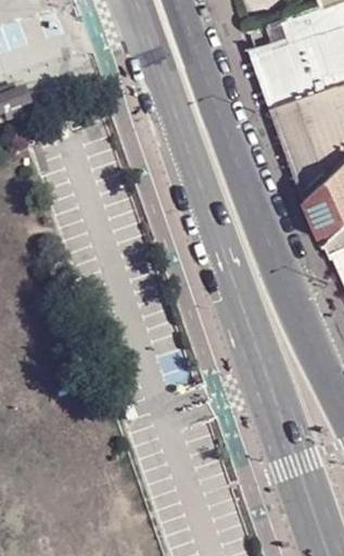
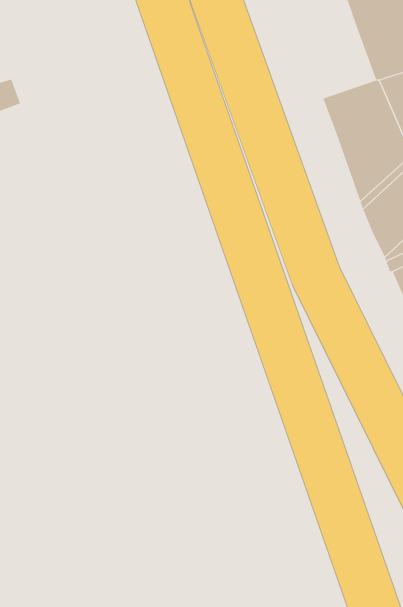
building: [254,46,316,109] -> none

